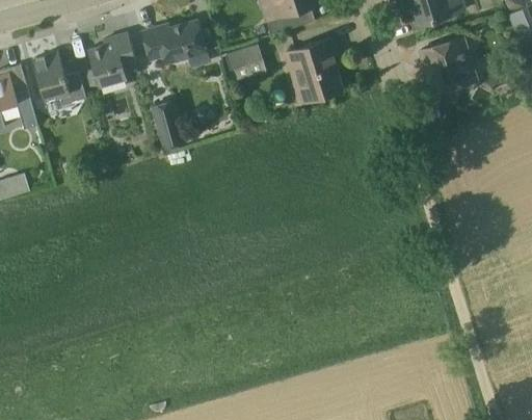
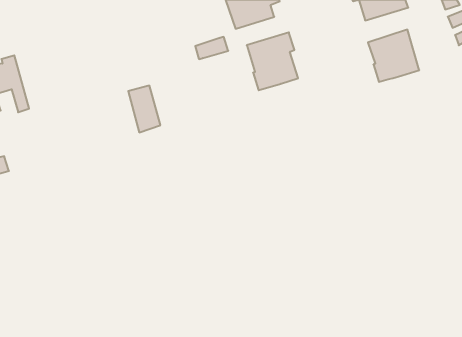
building: [142,20,210,68] -> none
building: [86,31,137,85] -> none
building: [33,51,86,104] -> none

